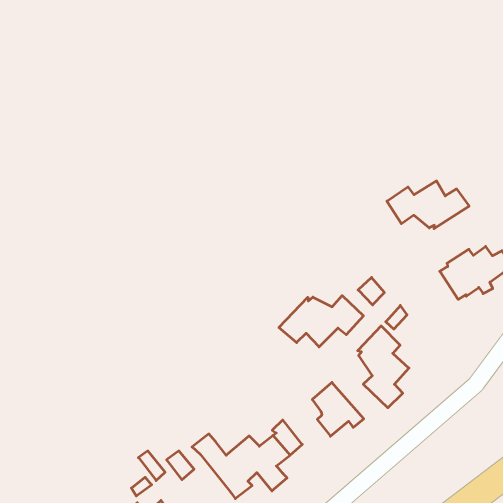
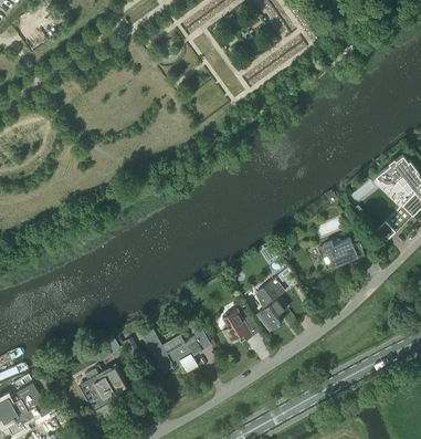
building: [387,181,469,229] -> none
building: [279,296,363,347] -> none

